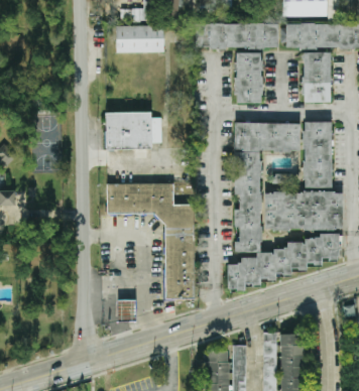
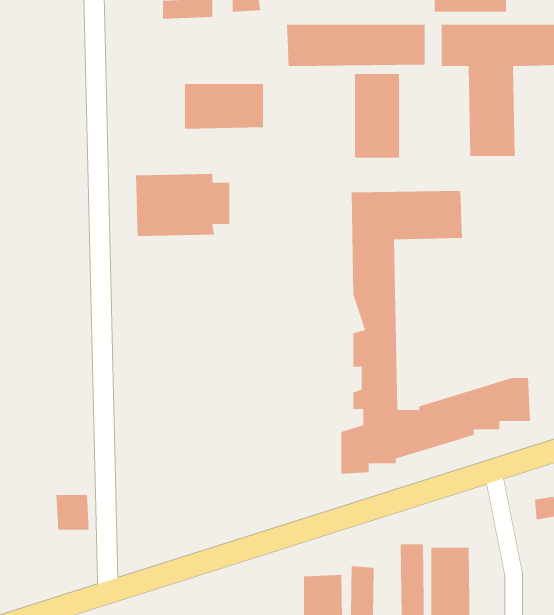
building: [116,25,163,52] -> [184,83,264,129]
building: [264,121,342,230] -> none
building: [107,183,195,298] -> none
building: [116,299,136,320] -> [56,494,90,530]

